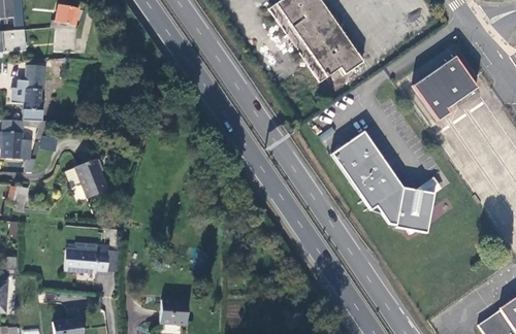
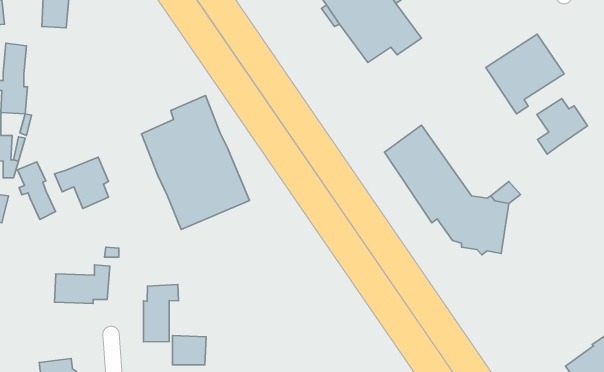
building: none -> [141,95,249,230]
building: none -> [537,99,587,154]
building: none -> [18,162,56,219]
building: none -> [144,285,178,342]

